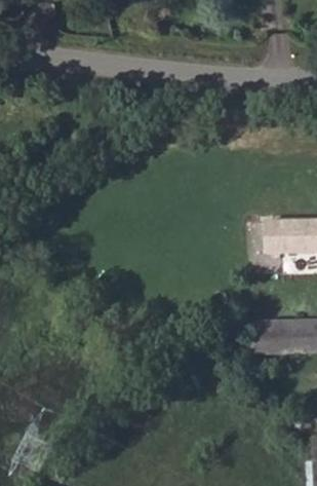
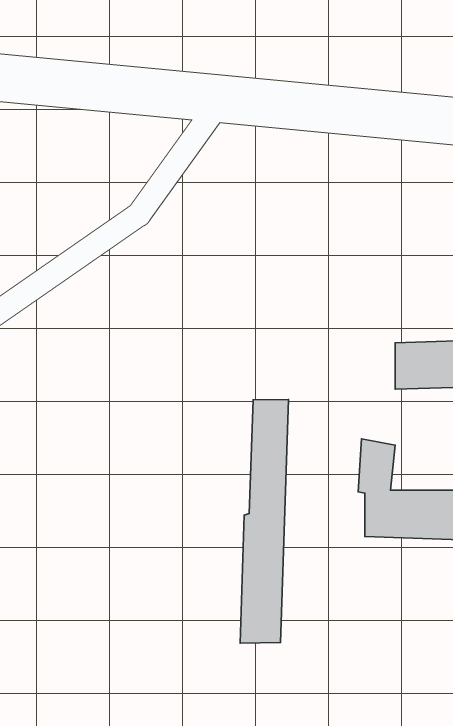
building: none -> [240,400,288,643]

